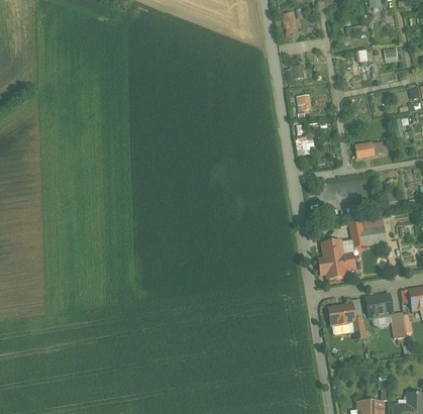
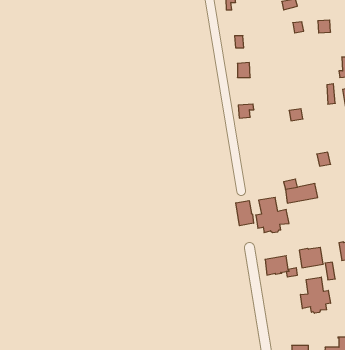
building: none -> [236,201,254,226]
building: none -> [301,277,331,313]

